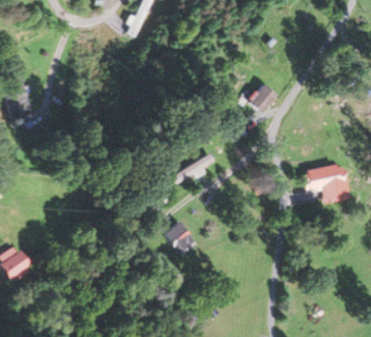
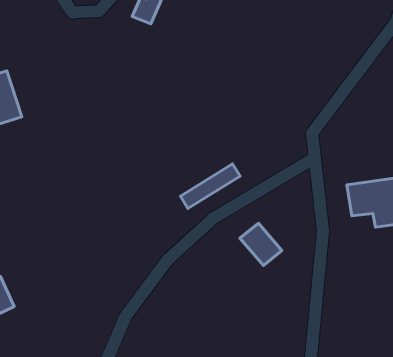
building: [245,81,276,114] -> none
building: [164,220,199,255] -> [240,223,282,265]

